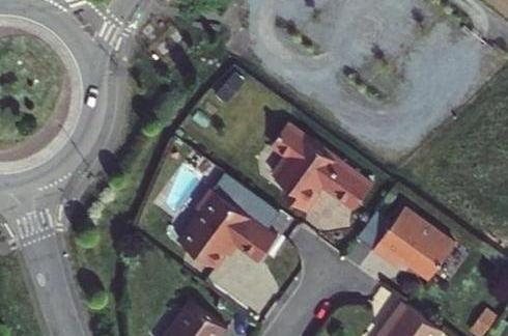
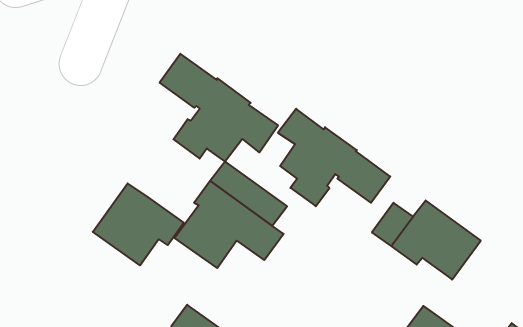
building: none -> [160,54,278,161]
building: none -> [93,183,184,265]

